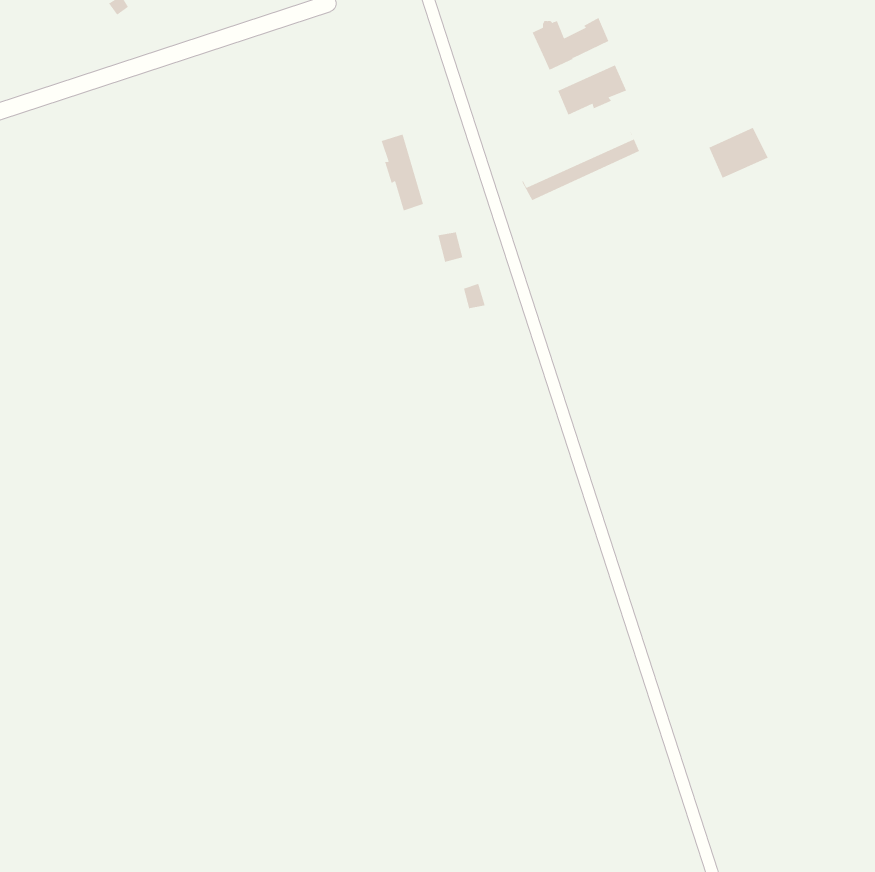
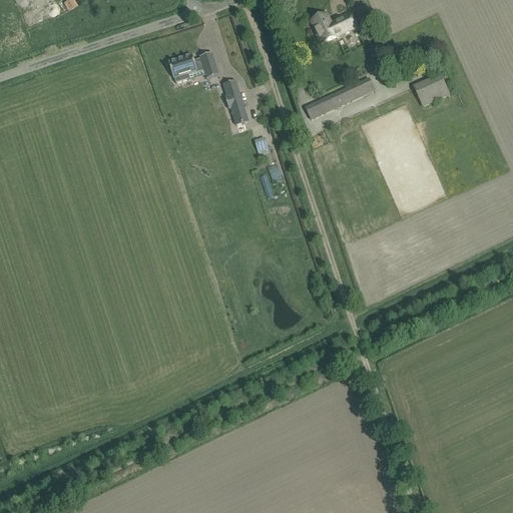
building: [558,64,627,115] -> none
building: none -> [167,51,218,81]

